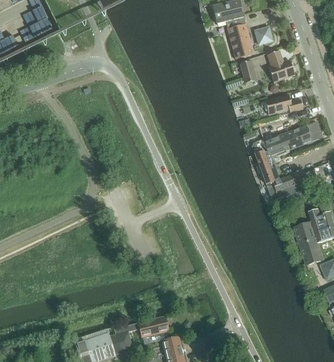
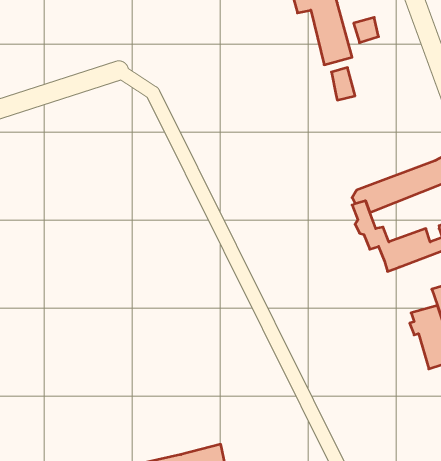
building: [267,49,295,82] -> none
building: [264,93,303,114] -> none

